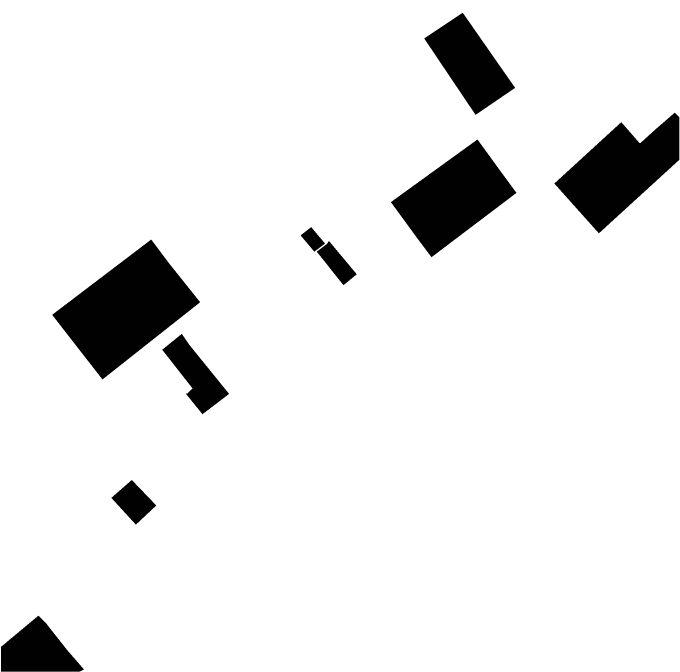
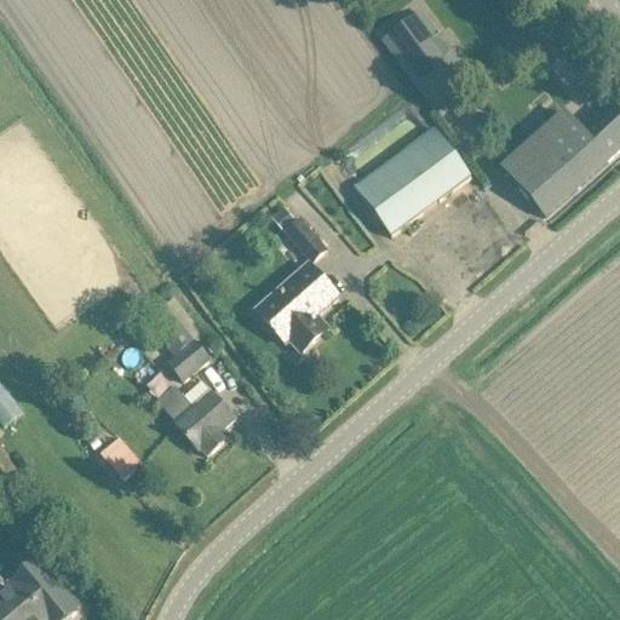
building: [51,239,201,380] -> none
building: none -> [262,268,339,351]
building: none -> [157,380,236,454]

